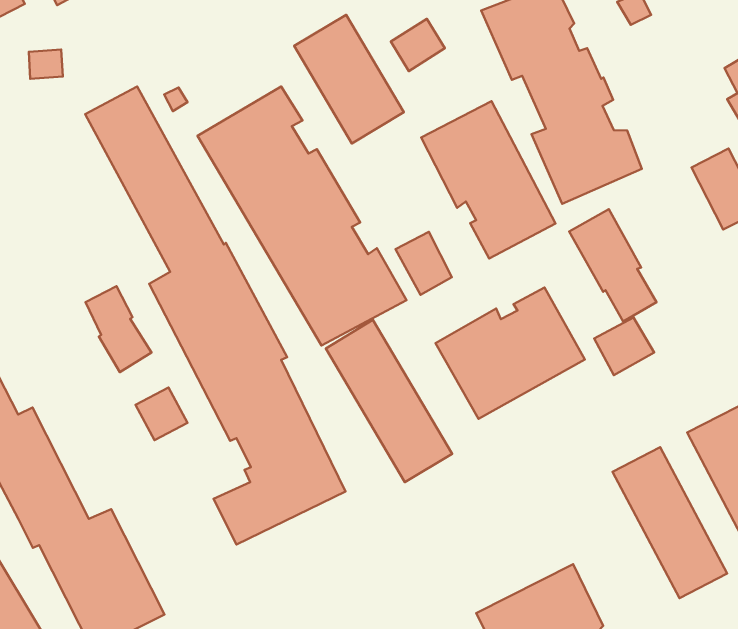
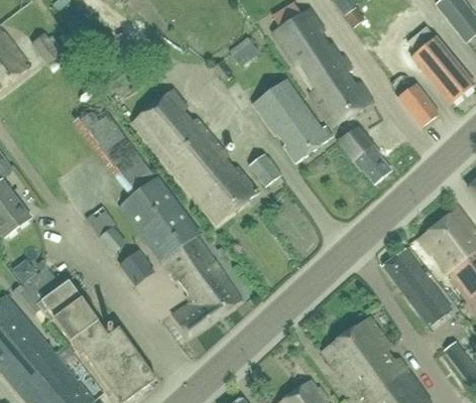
building: [294,15,404,143] -> none
building: [436,287,585,419] -> none
building: [594,317,654,375] -> none
building: [326,320,452,482] -> none

